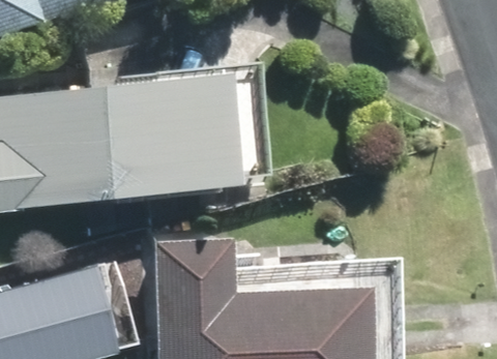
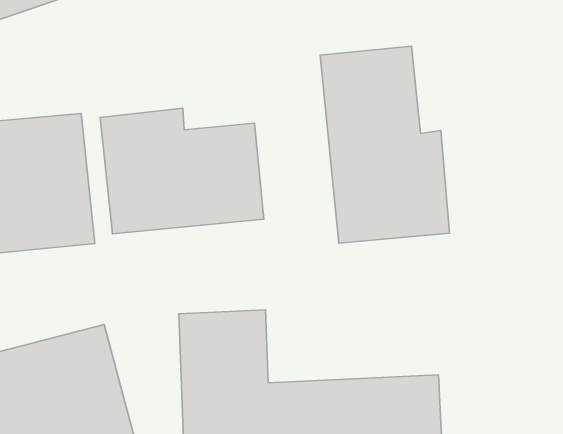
building: none -> [320,46,450,243]

